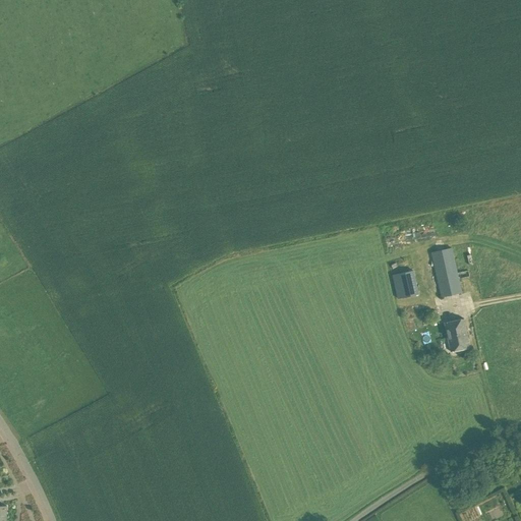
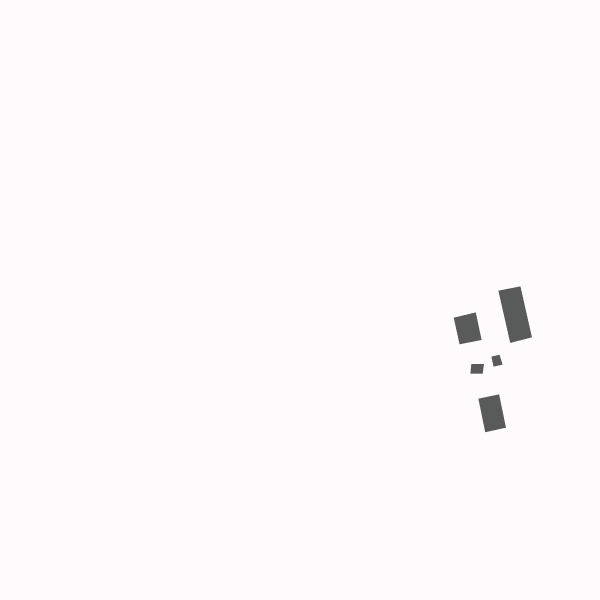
building: [444,317,469,351] -> [477,394,507,433]

